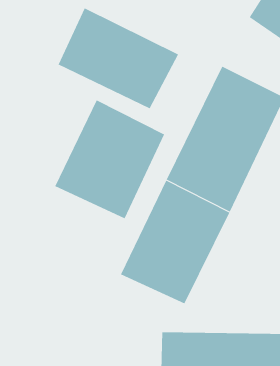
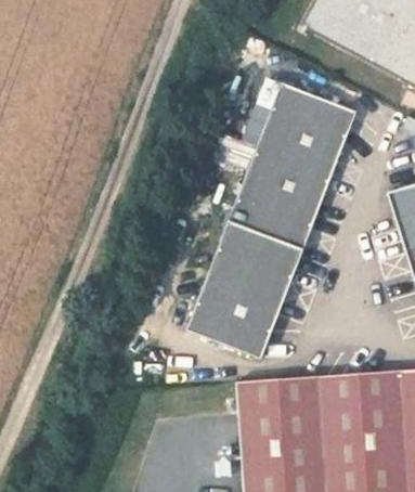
building: [58,8,179,109] -> none
building: [55,100,165,219] -> none

